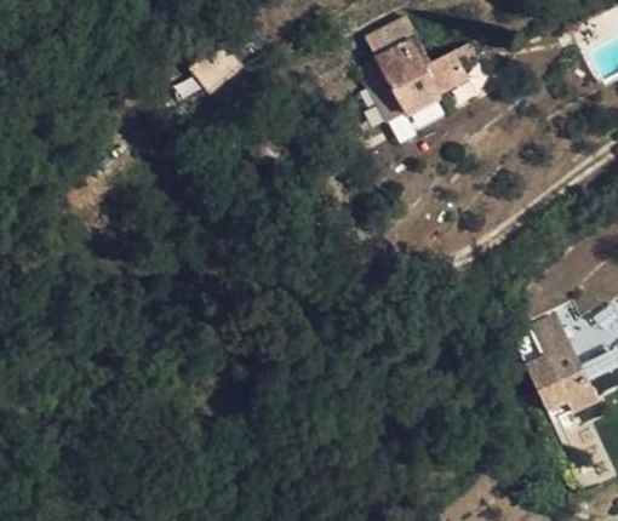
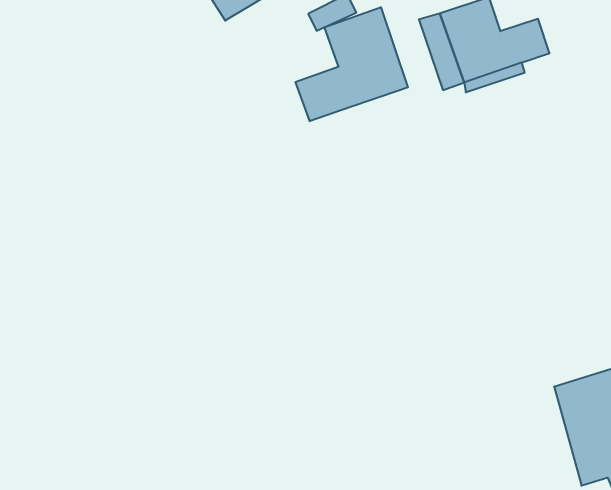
building: none -> [296,7,408,121]

